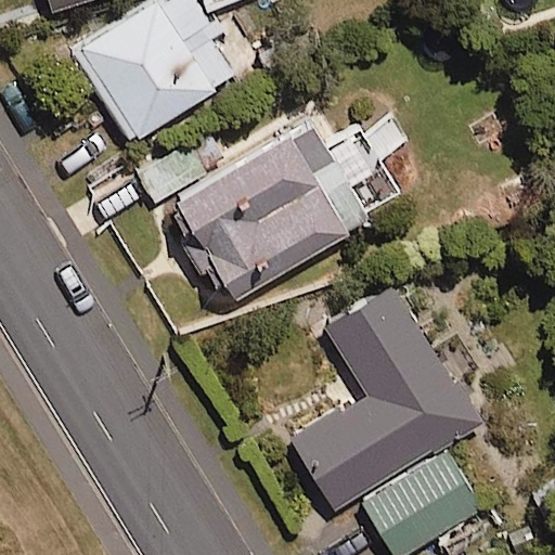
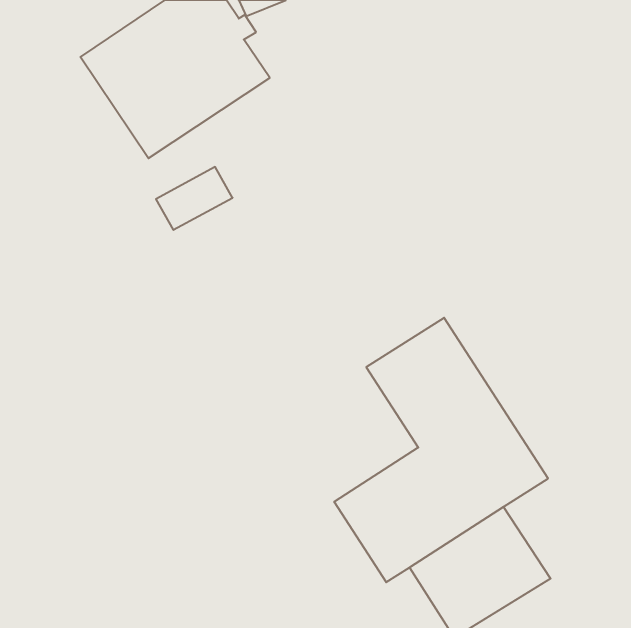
building: [167,117,404,305] -> none

